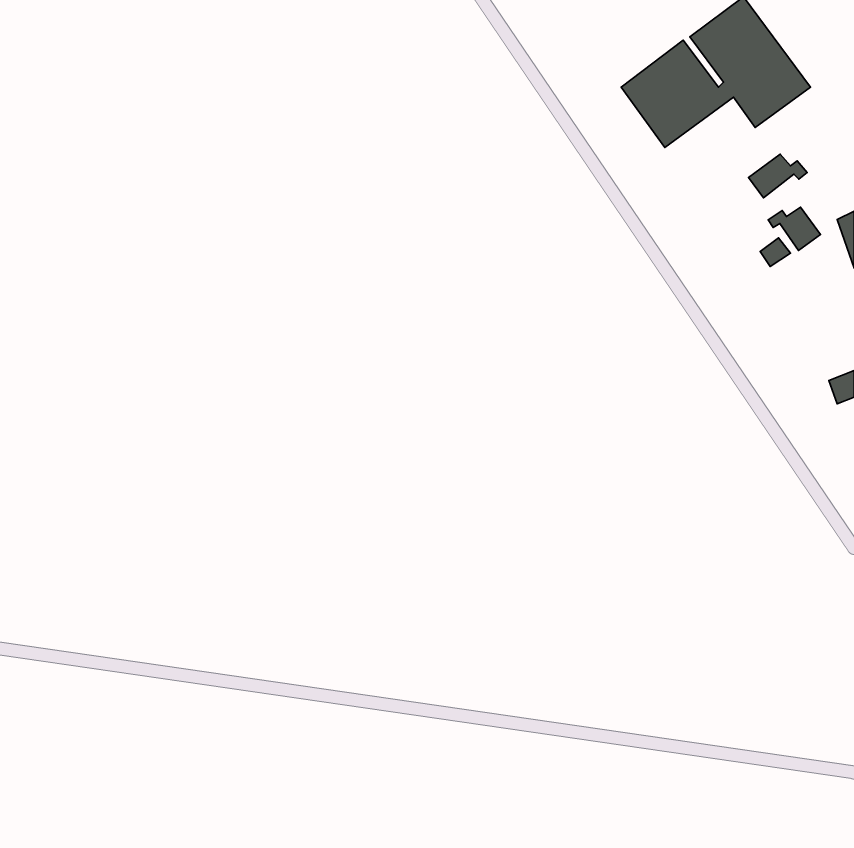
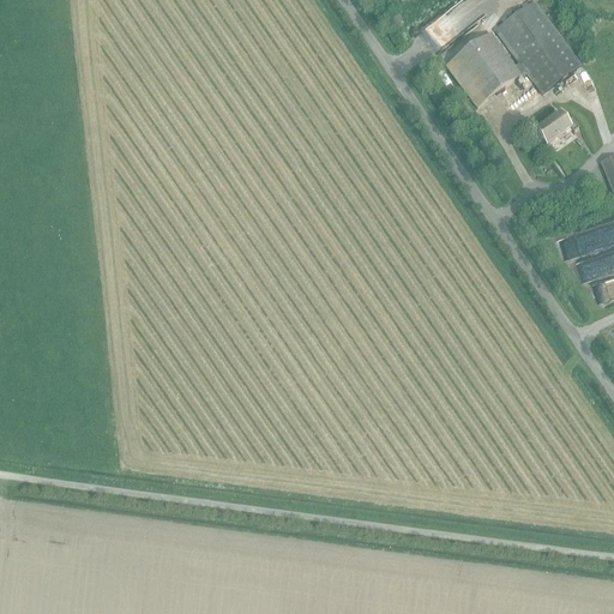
building: [768,207,821,251] -> none

